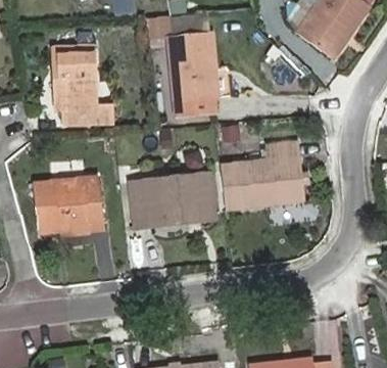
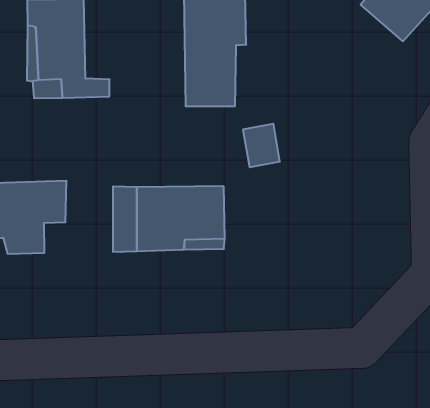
building: [220,136,303,208] -> none

